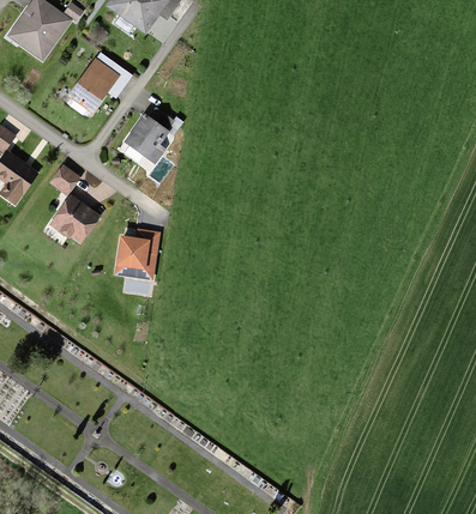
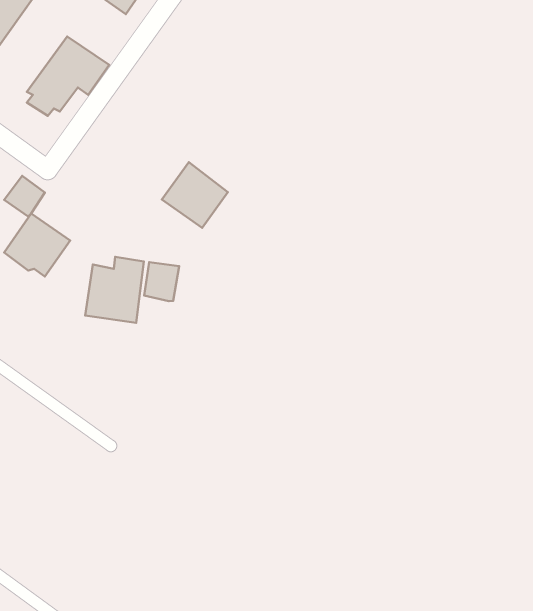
building: [122,111,175,164] -> [162,162,228,228]
building: none -> [144,262,179,301]

